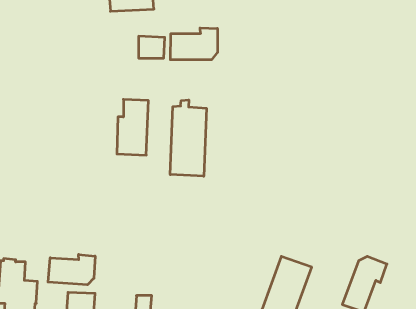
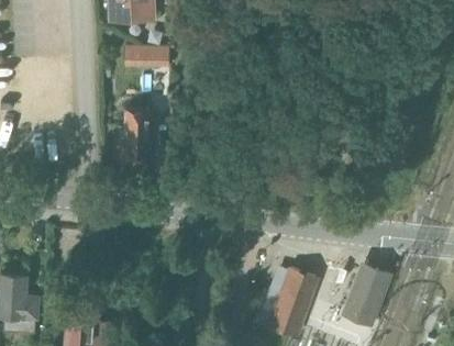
building: [170,28,218,60] -> none
building: [170,100,206,176] -> none
building: [48,254,95,285] -> none

